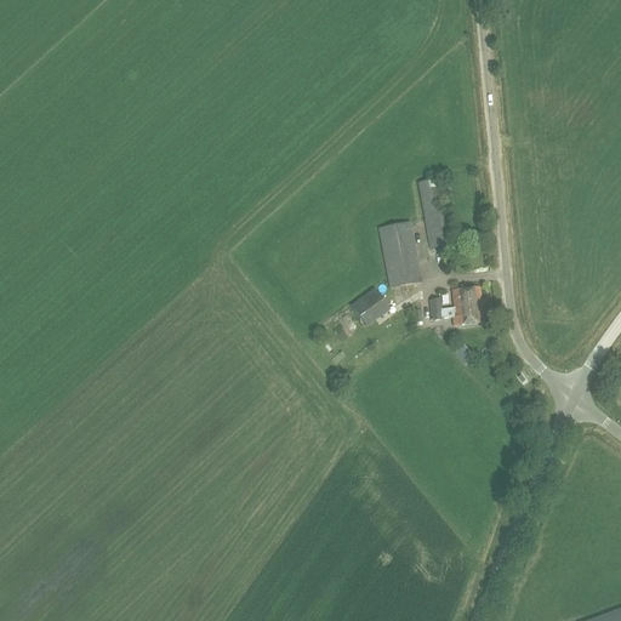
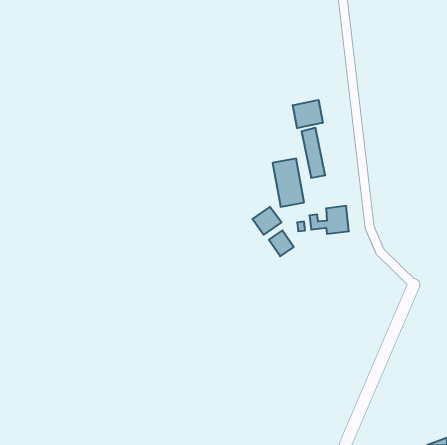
building: none -> [293,100,323,128]
building: none -> [269,230,294,256]

